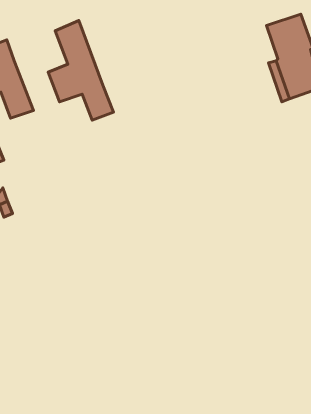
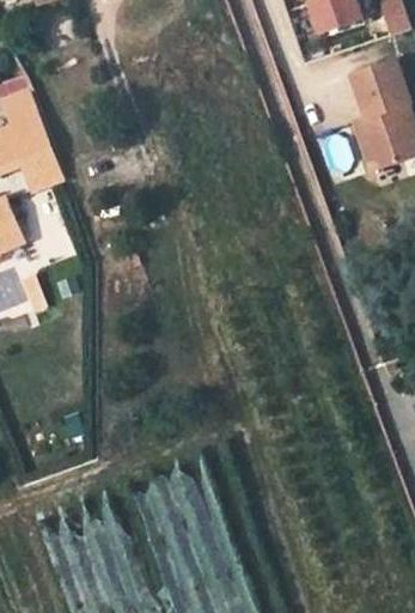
building: [48,21,113,120] -> none

